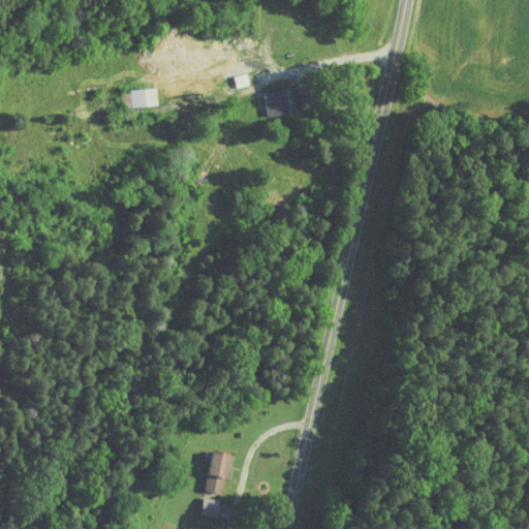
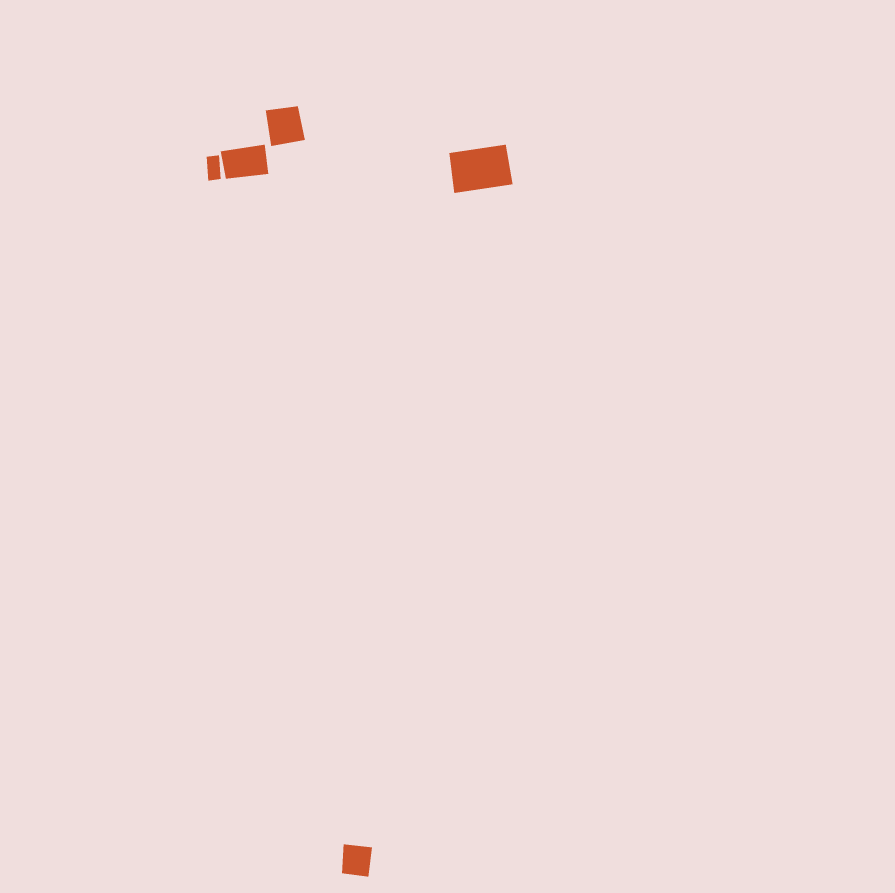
building: none -> [265,106,305,147]
building: [205,454,234,495] -> none

